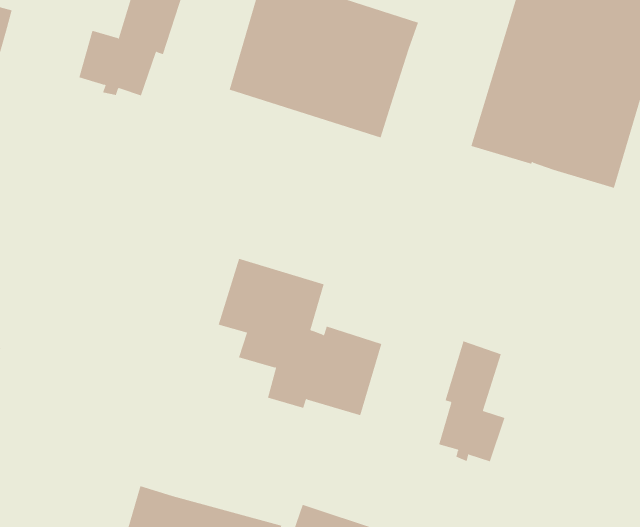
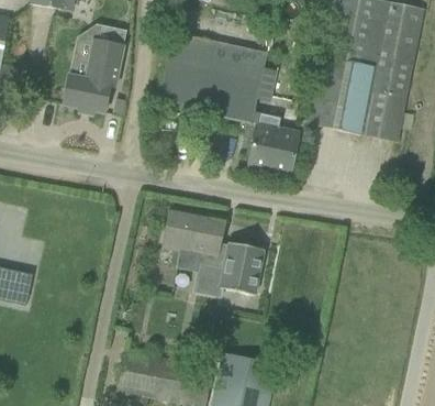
building: none -> [239,113,300,176]
building: [439,341,505,462] -> none

